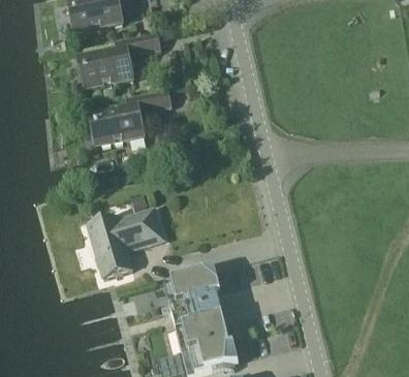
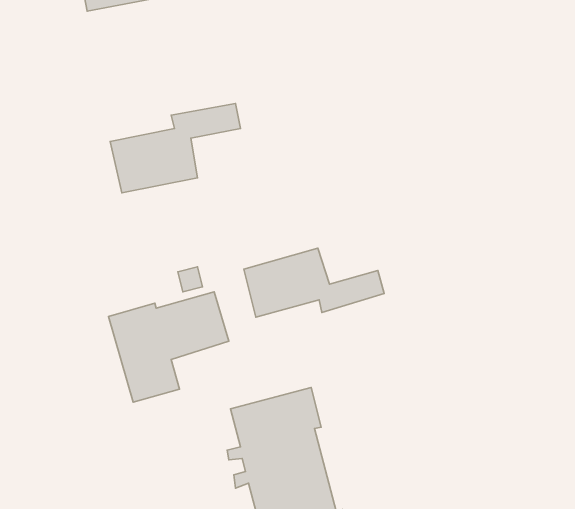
building: [78,31,160,88] -> none
building: none -> [244,248,384,317]

